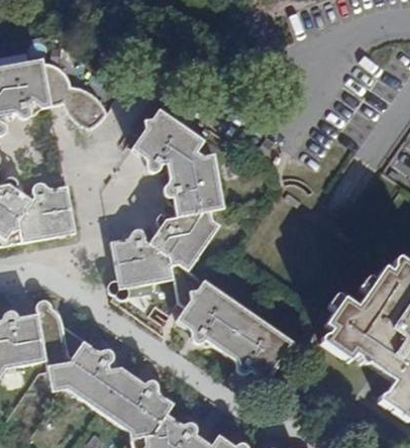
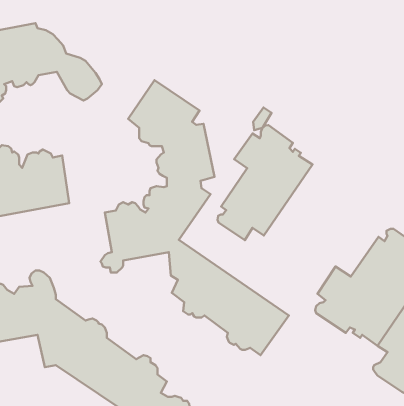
building: none -> [218,125,313,240]

